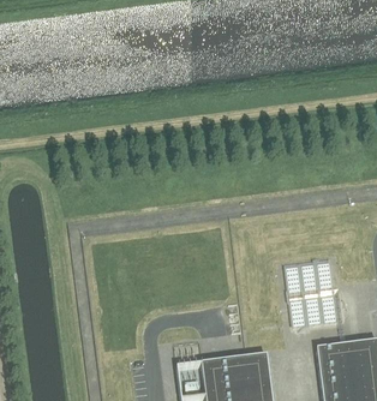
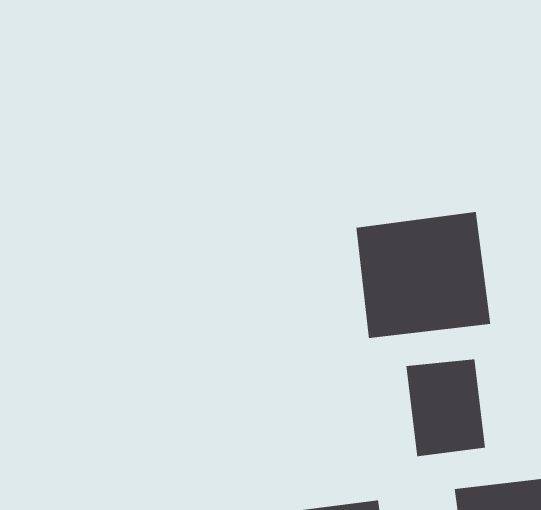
building: none -> [356,211,491,339]

